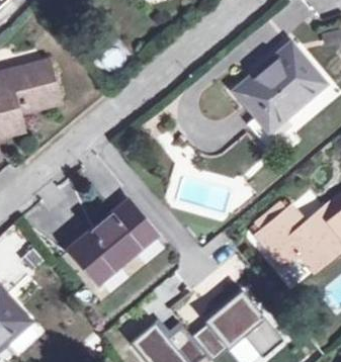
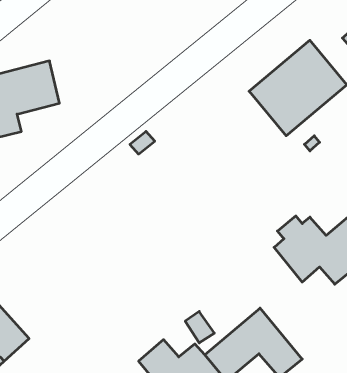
building: [69,200,156,282] -> none

